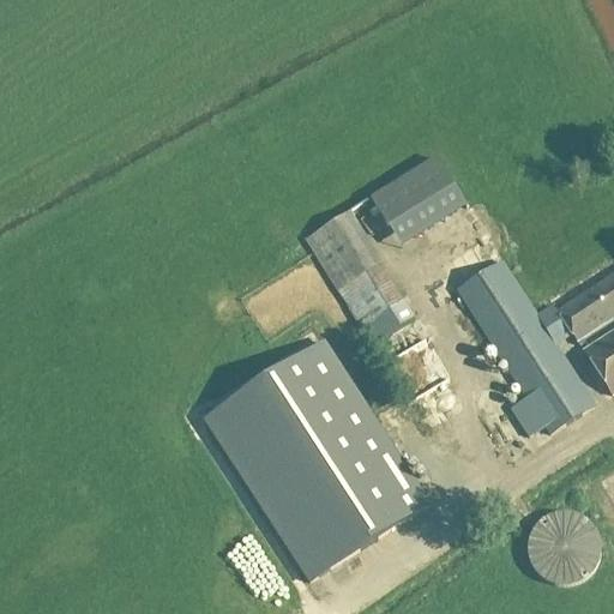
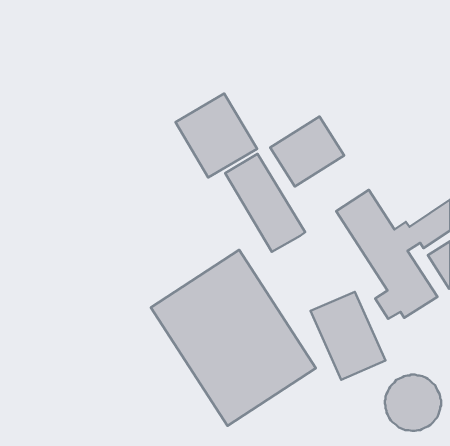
building: none -> [175,94,257,177]
building: none -> [311,292,386,380]

